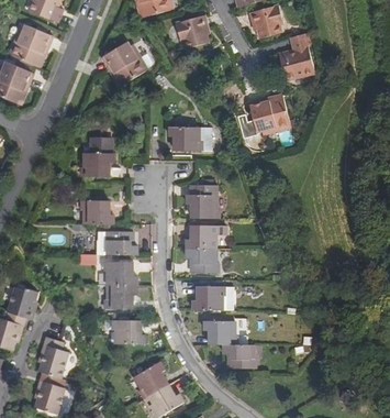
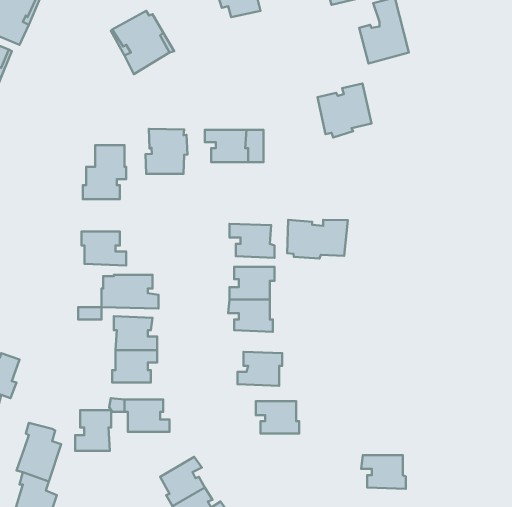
building: none -> [145,129,187,174]
building: none -> [287,220,348,258]
building: none -> [75,410,111,451]
building: [223,344,255,368] -> [361,455,406,489]

